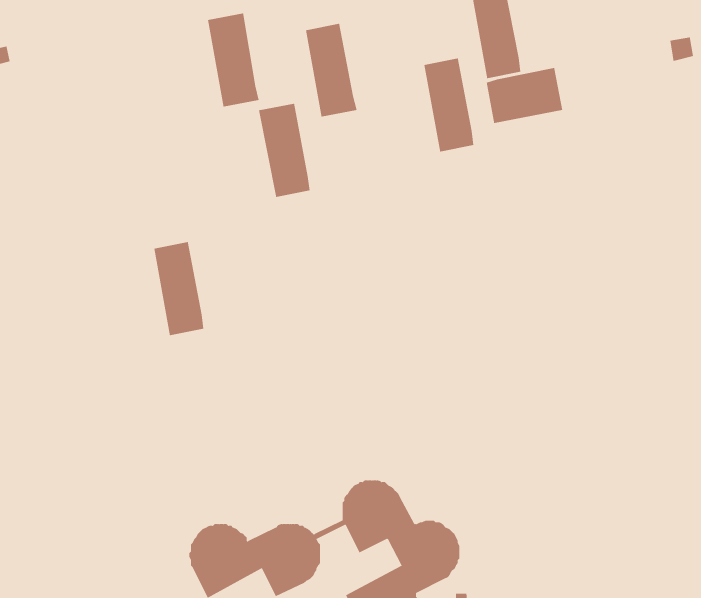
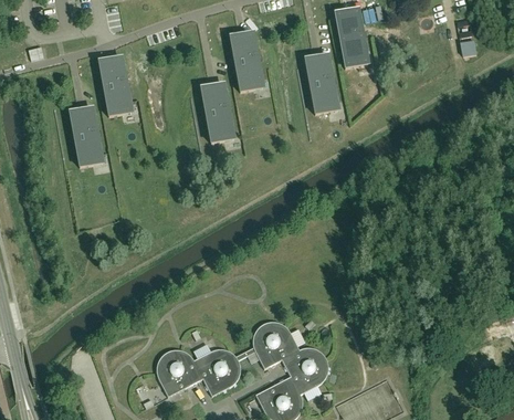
building: [207,13,260,107] -> [99,56,133,116]
building: [486,67,563,124] -> none
building: [154,242,204,336] -> [71,107,103,167]

